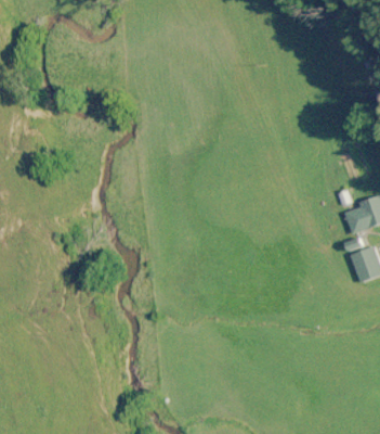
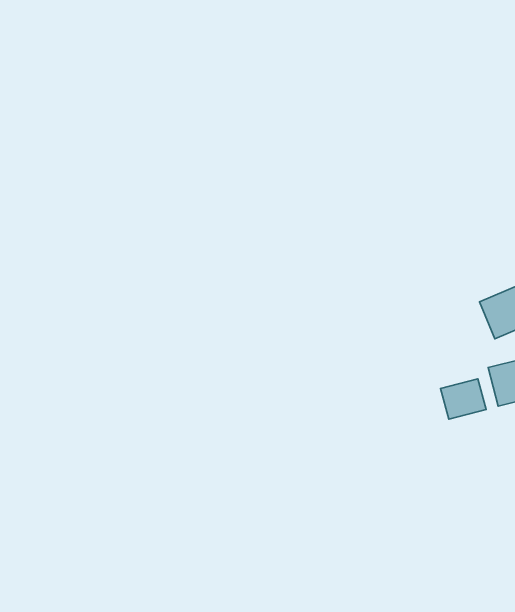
building: none -> [440,379,486,419]

